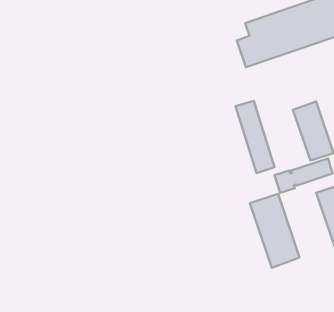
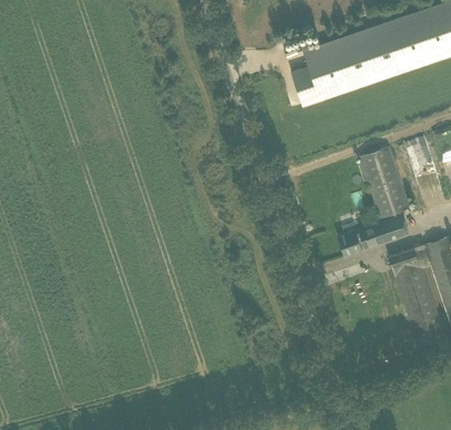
building: [235,101,274,173] -> none
building: [250,194,300,268] -> none

